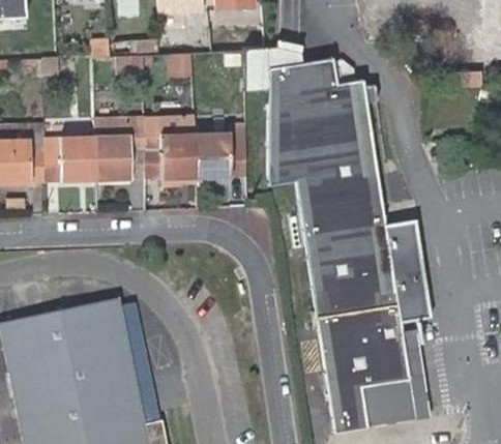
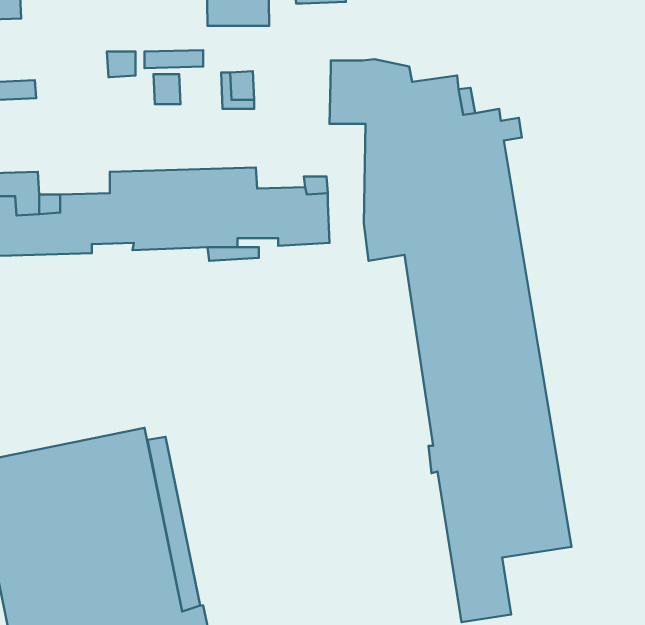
building: [387,238,431,324] -> none
building: [362,328,432,427] -> none

